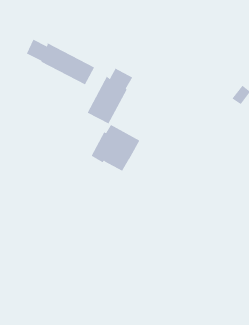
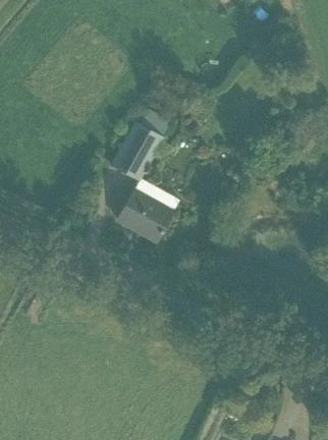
building: [26,39,95,85] -> none

